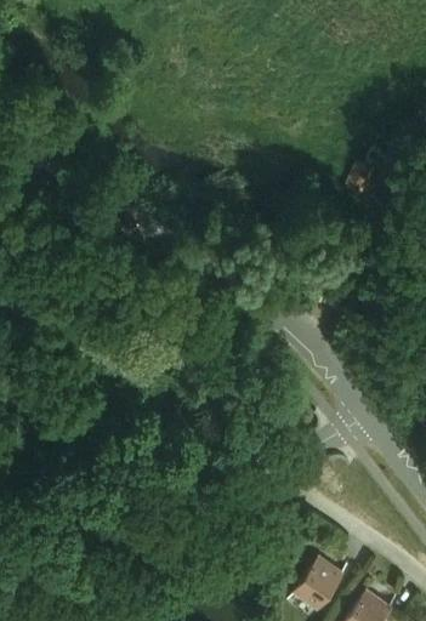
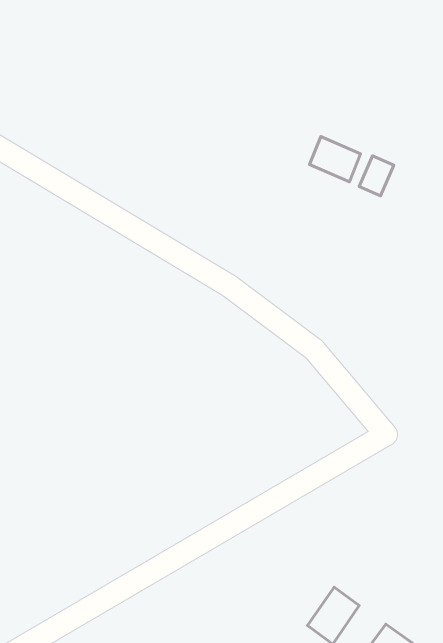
building: none -> [310,137,361,182]

